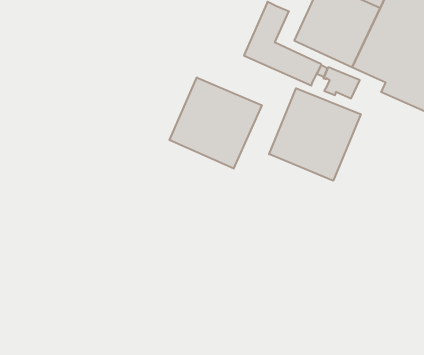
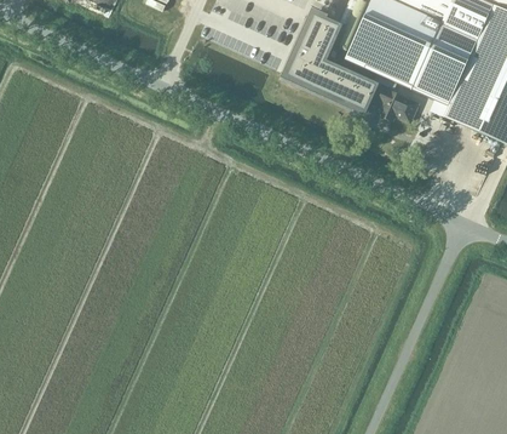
building: [170,77,262,169] -> none
building: [269,88,361,181] -> none

